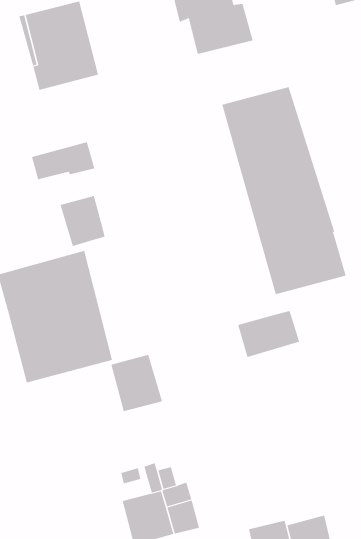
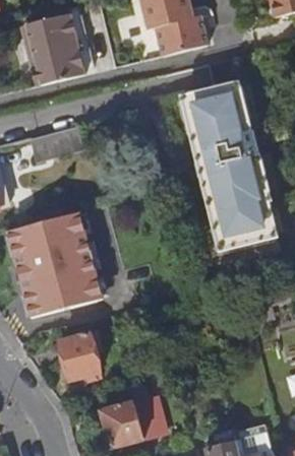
building: [60,195,105,247] -> none
building: [238,310,300,358] -> none
building: [110,354,163,412] -> [60,333,102,379]

